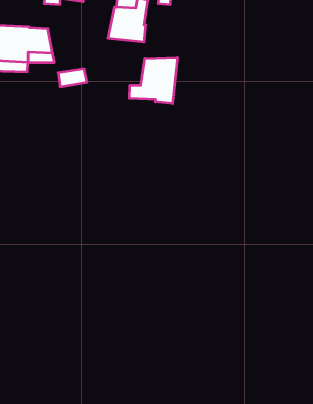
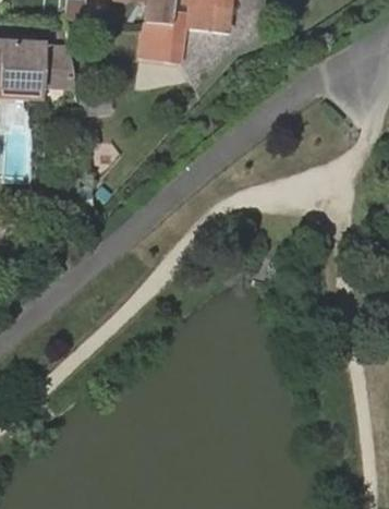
building: [129,57,177,104] -> none

